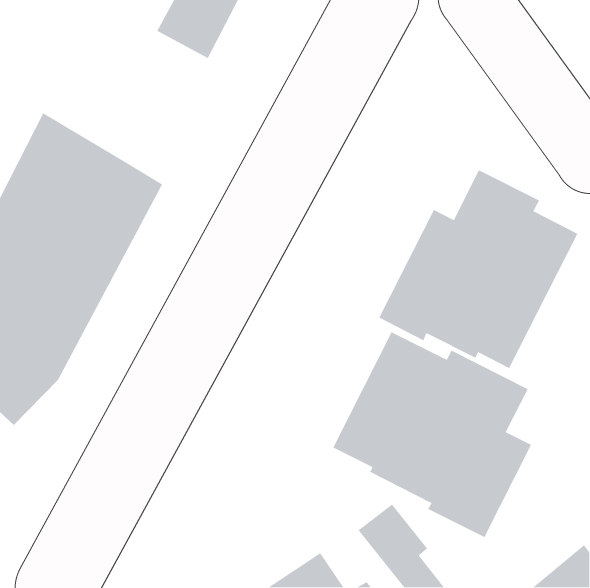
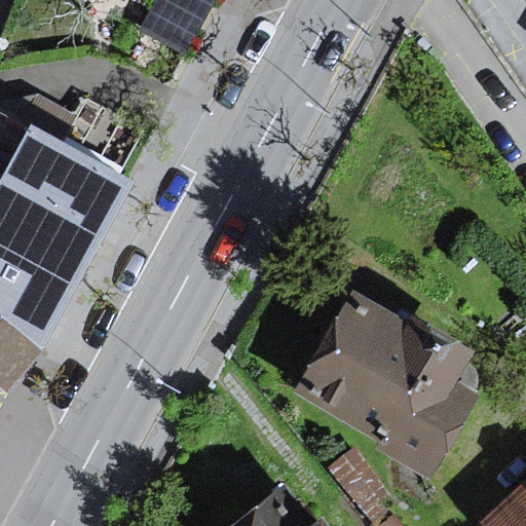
building: [378,169,578,369] -> none

